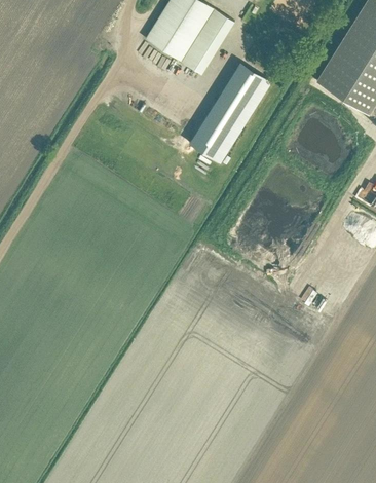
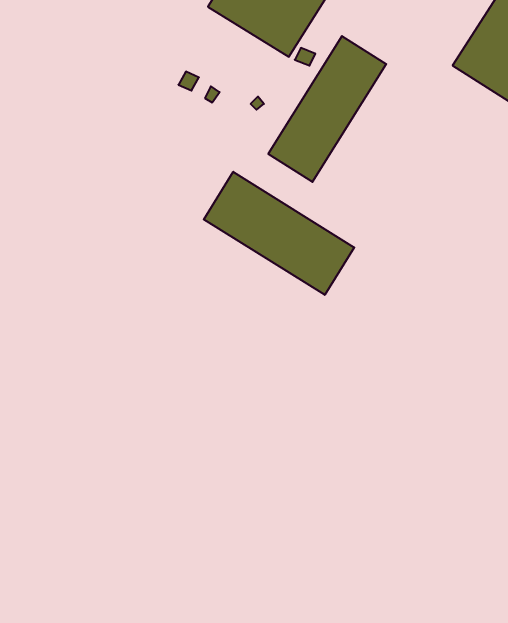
building: none -> [204,172,354,295]

